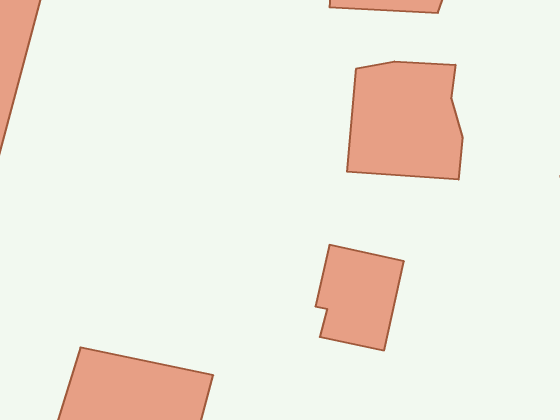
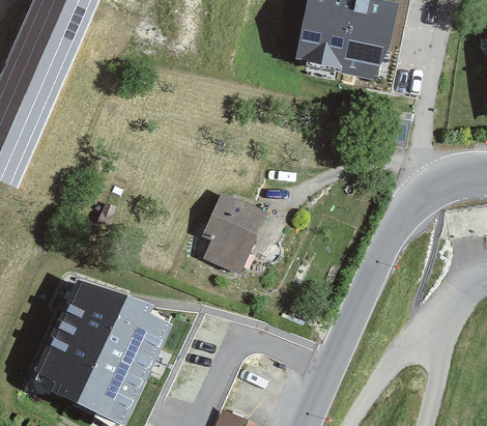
building: [347,61,462,180] -> none
building: [315,245,404,350] -> [199,190,268,273]

